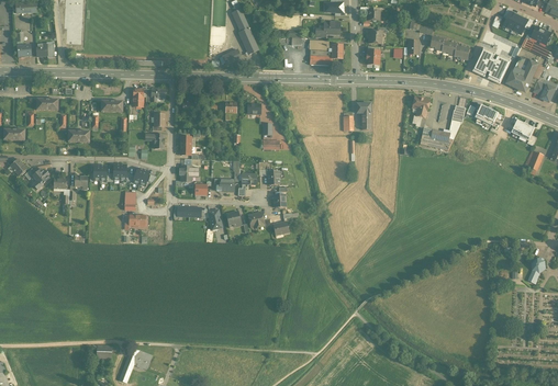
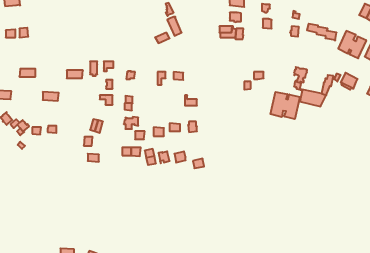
building: none -> [270,92,300,119]

